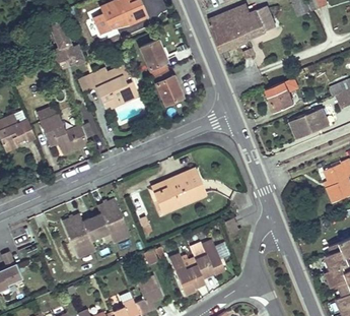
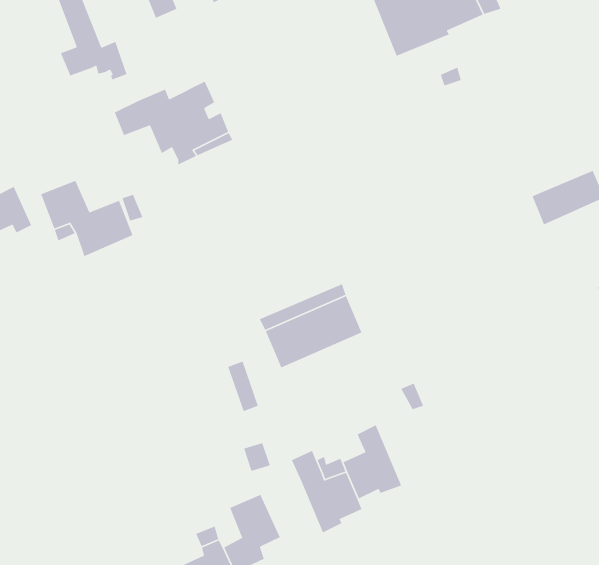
building: [140,40,183,104] -> none
building: [267,81,294,113] -> none
building: [63,198,129,257] -> none

